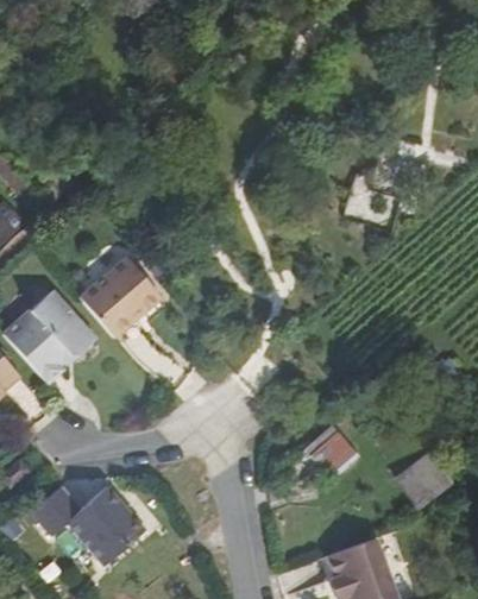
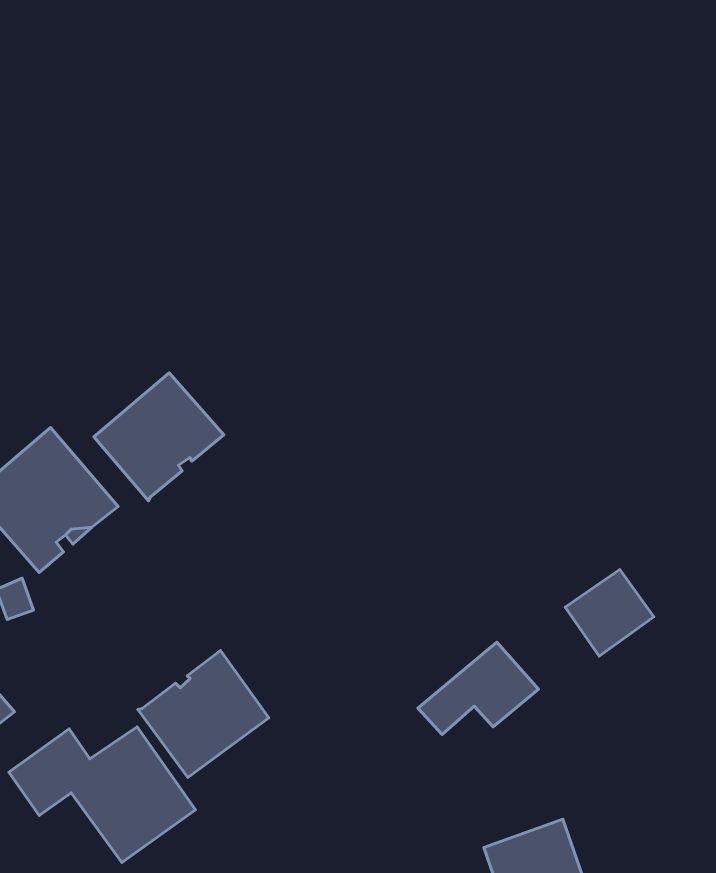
building: none -> [138,650,269,777]
building: [397,453,453,507] -> [565,570,654,656]

